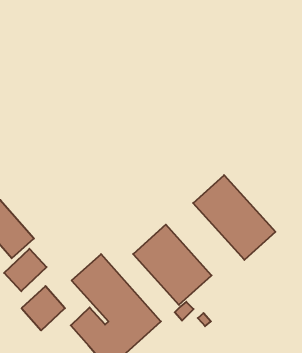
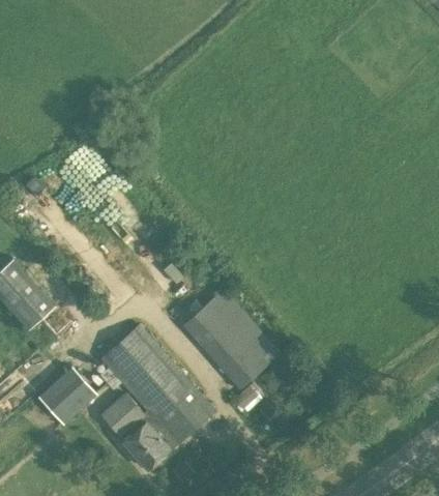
building: [193,175,275,260] -> none
building: [4,249,47,291] -> none

